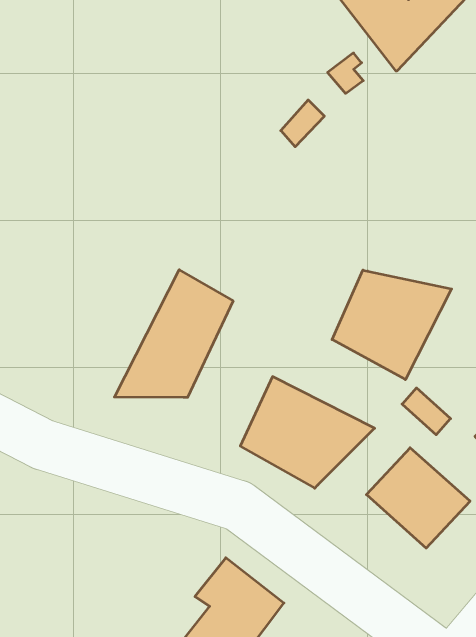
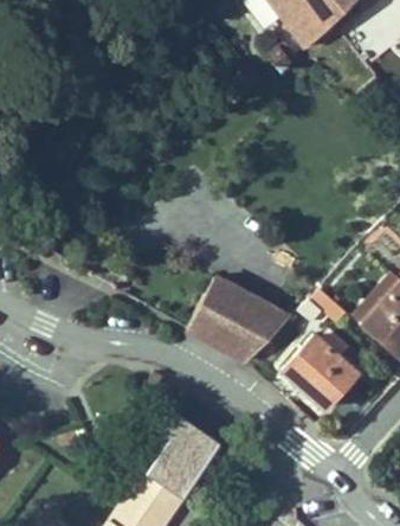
building: [114,270,233,397] -> none
building: [332,270,452,380] -> none

